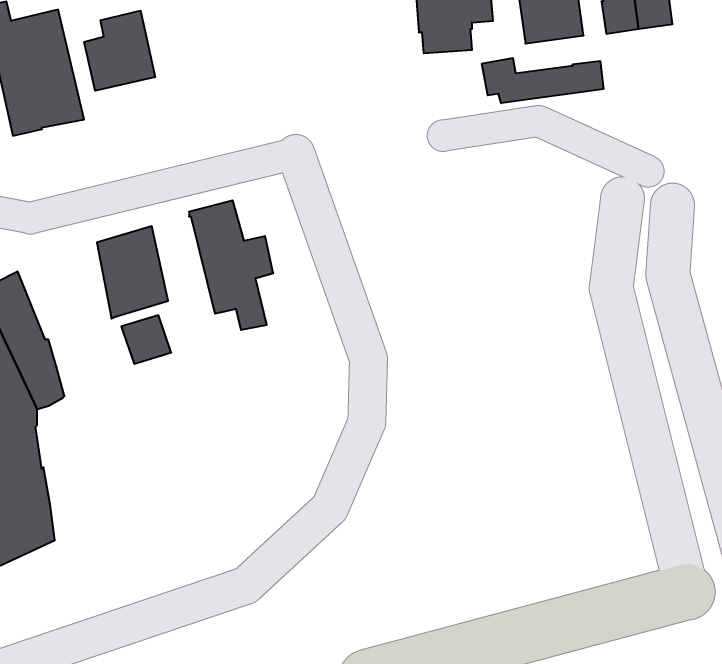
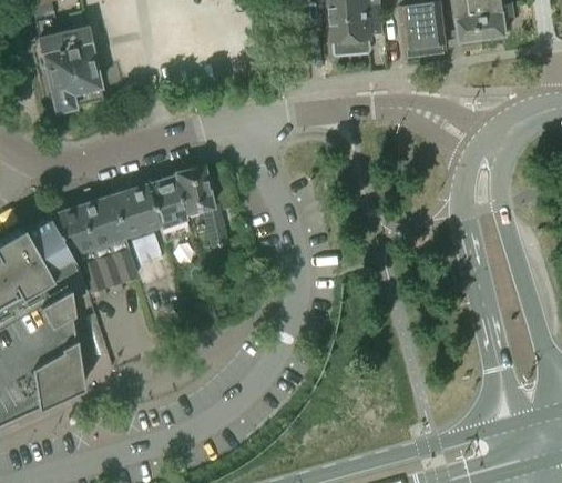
building: [84,11,155,91] -> none
building: [482,58,603,103] -> none
building: none -> [149,168,192,242]
building: none -> [57,185,136,291]

